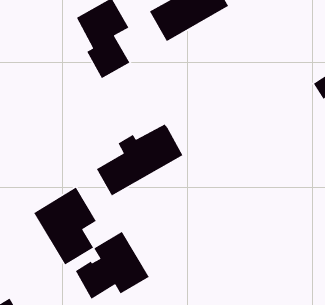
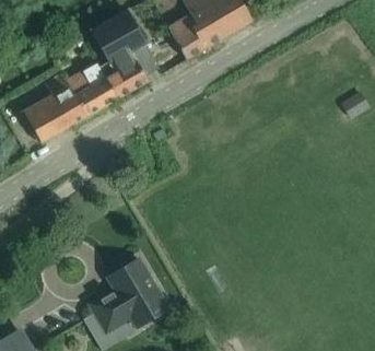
building: [96,123,184,197] -> [24,65,117,142]
building: [33,187,97,266] -> none

